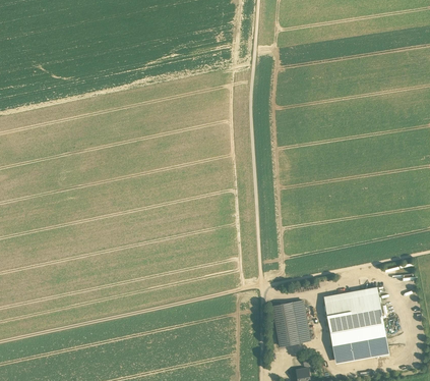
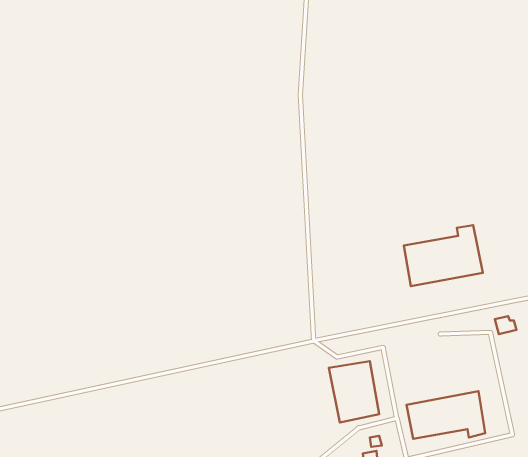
building: [324,287,383,333] -> [404,225,483,286]

